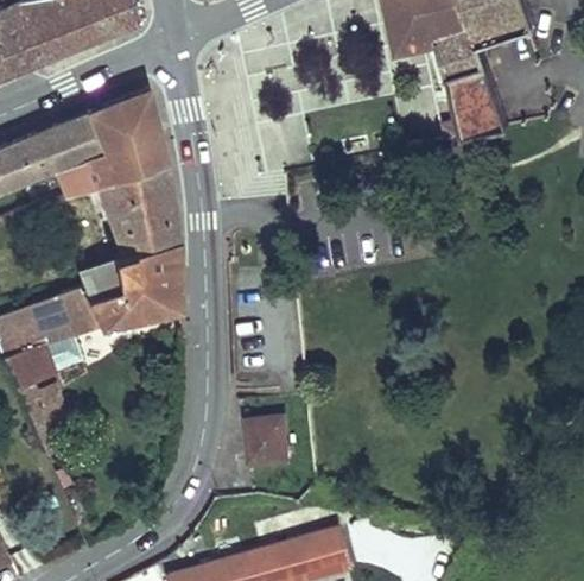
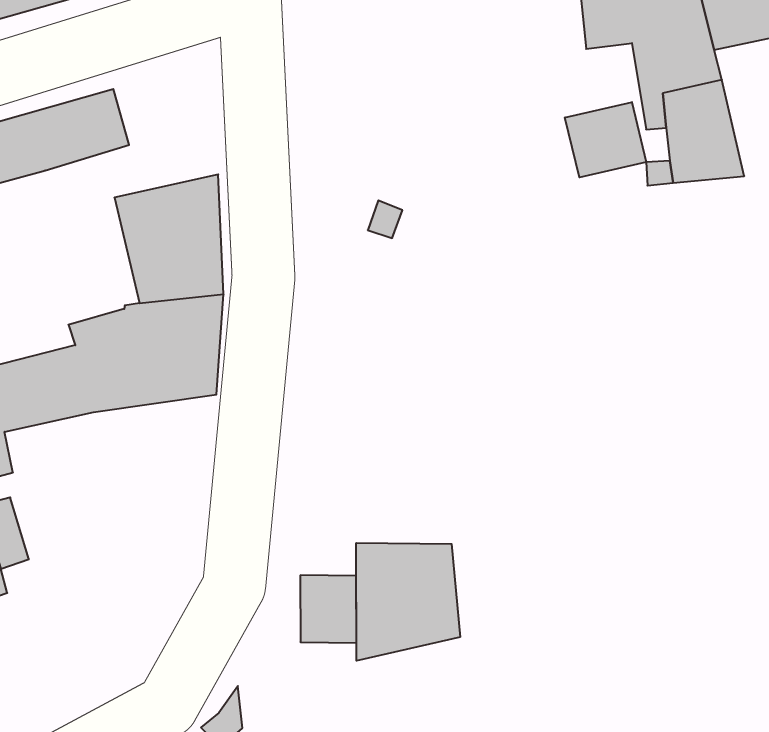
building: none -> [565,102,646,177]
building: [52,90,166,196] -> none
building: none -> [356,543,460,661]

